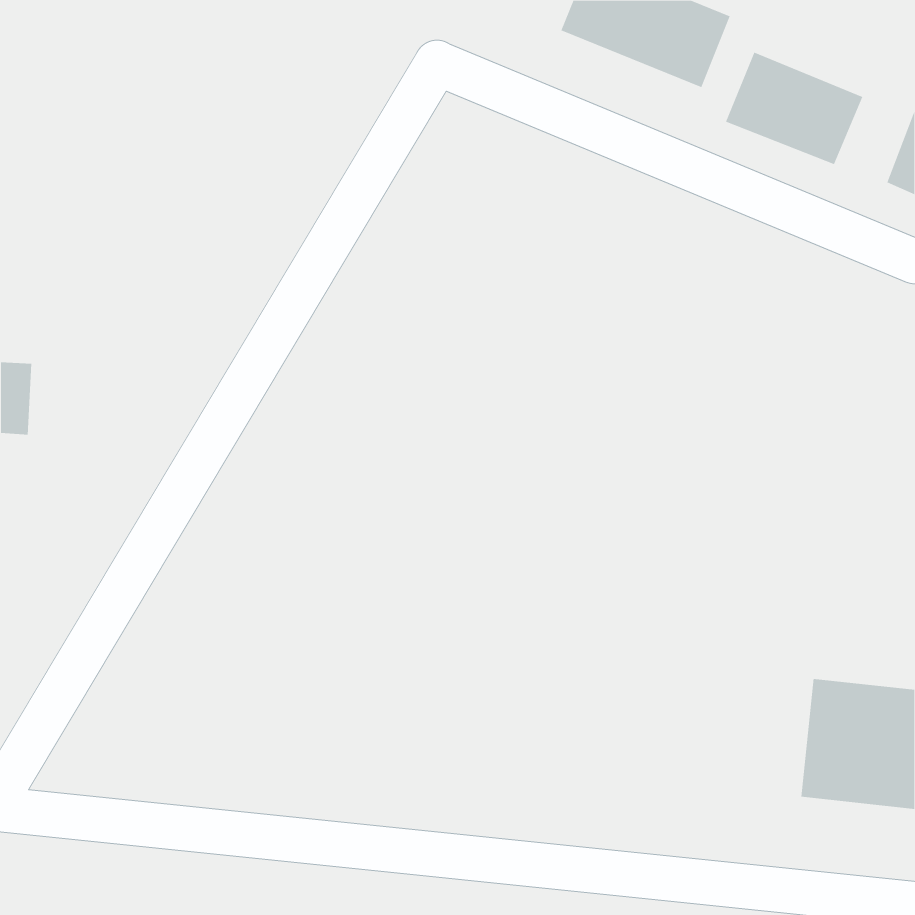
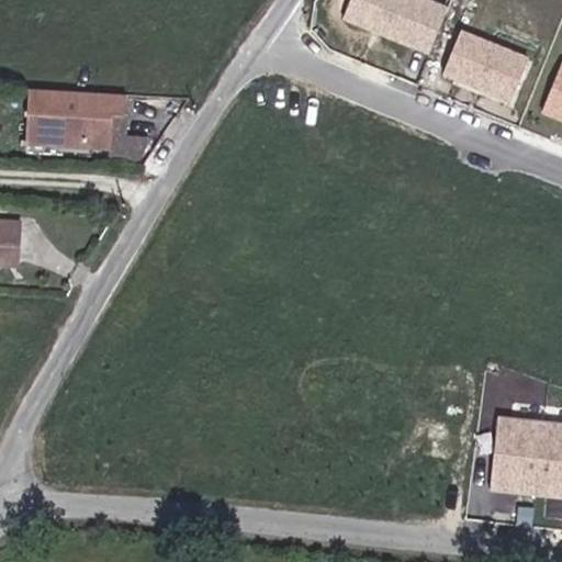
building: none -> [25,90,125,146]

